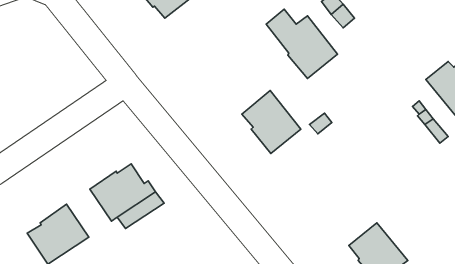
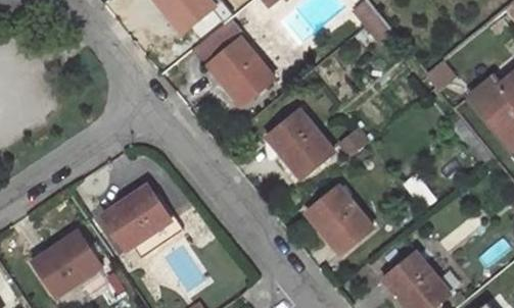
building: [266,9,337,79] -> [196,29,274,104]
building: none -> [307,186,372,251]

